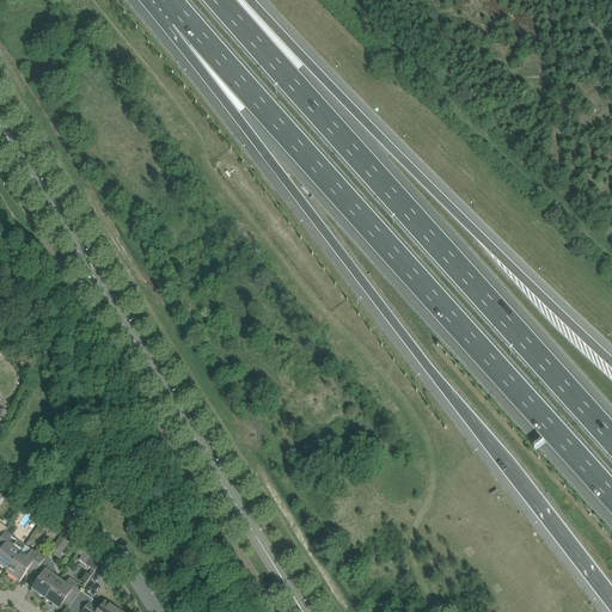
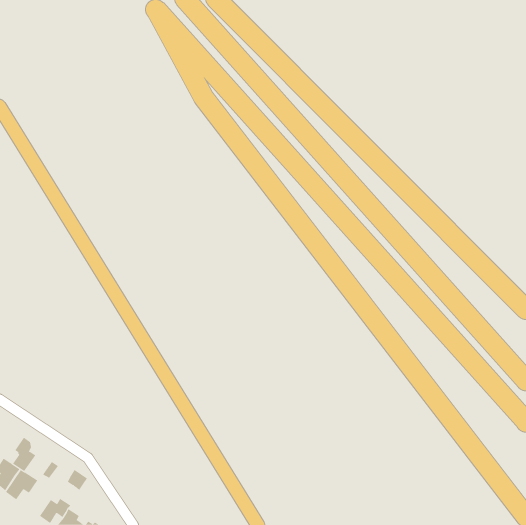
building: [31,557,59,598] -> [12,437,36,472]

